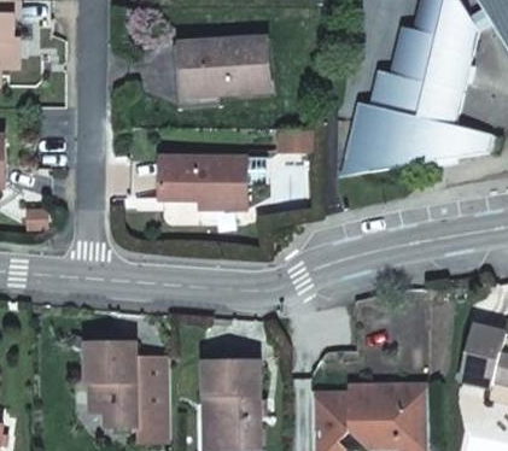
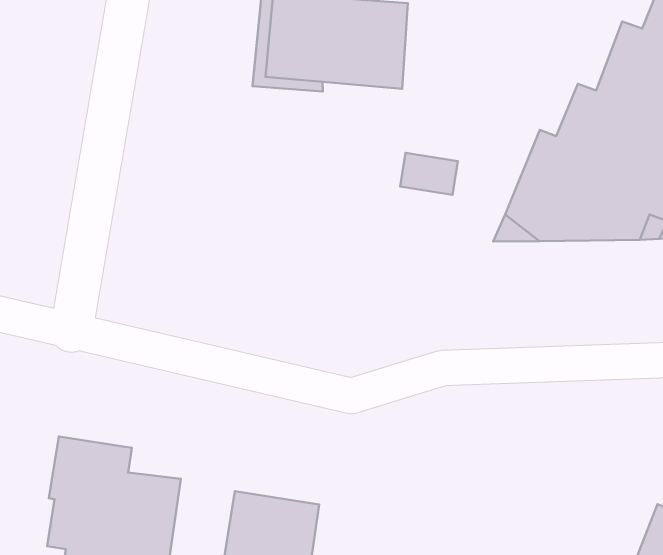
building: [157,157,244,209] -> none

